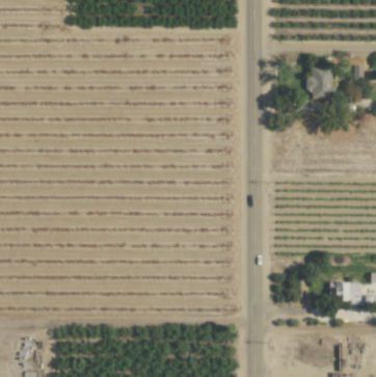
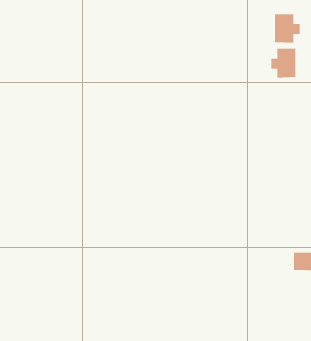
building: none -> [274,14,300,44]

